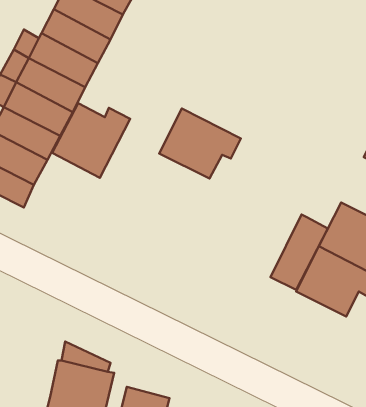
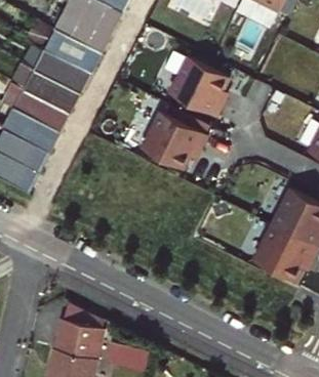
building: none -> [169,56,230,118]
building: [52,103,130,178] -> none
building: [270,214,328,290] -> none

